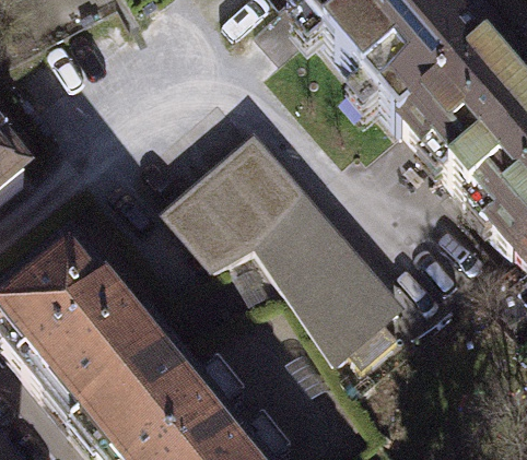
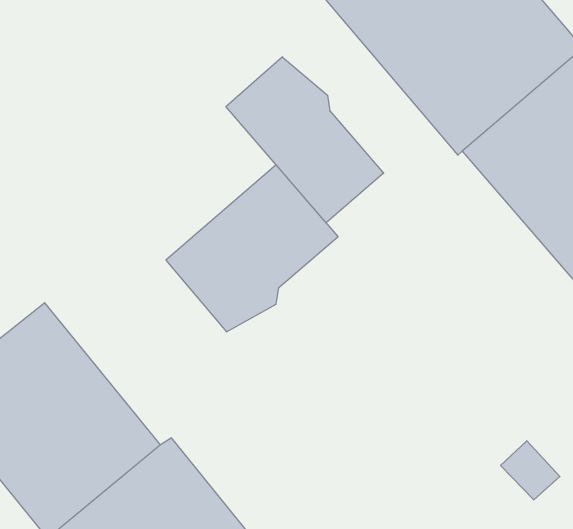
building: none -> [226,57,384,223]
building: [264,189,408,357] -> none

